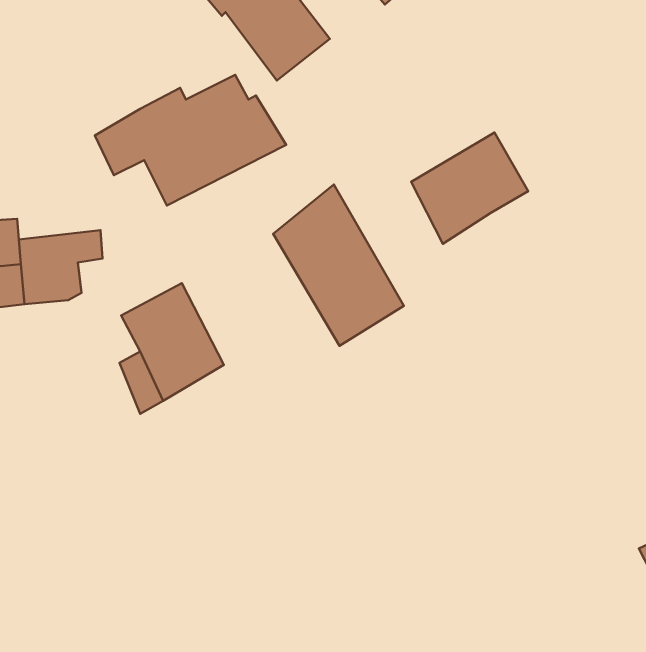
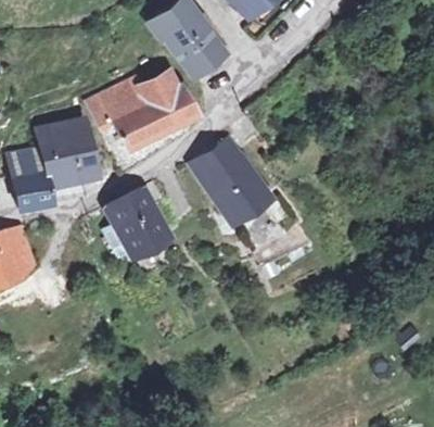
building: [411,132,528,244] -> none
building: none -> [46,123,94,164]

